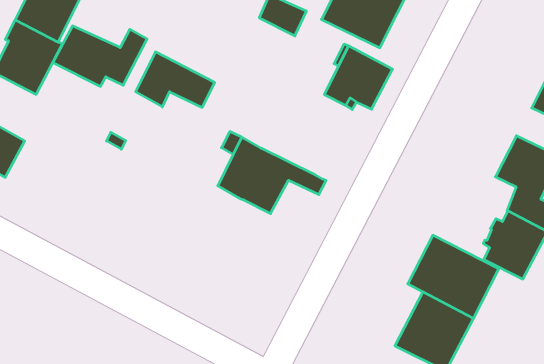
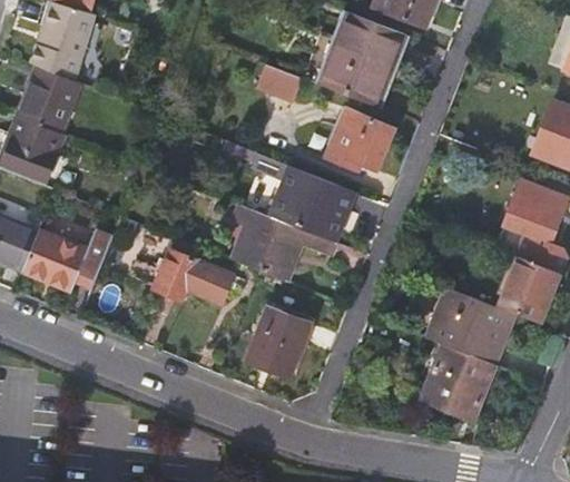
building: [53,26,147,86] -> [22,230,112,289]
building: [136,52,215,107] -> [155,252,232,305]
building: none -> [250,153,354,242]
building: none -> [247,306,308,375]

